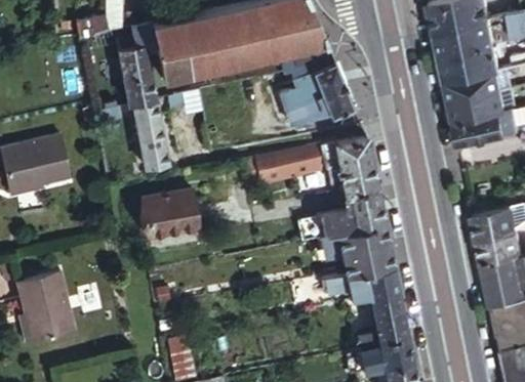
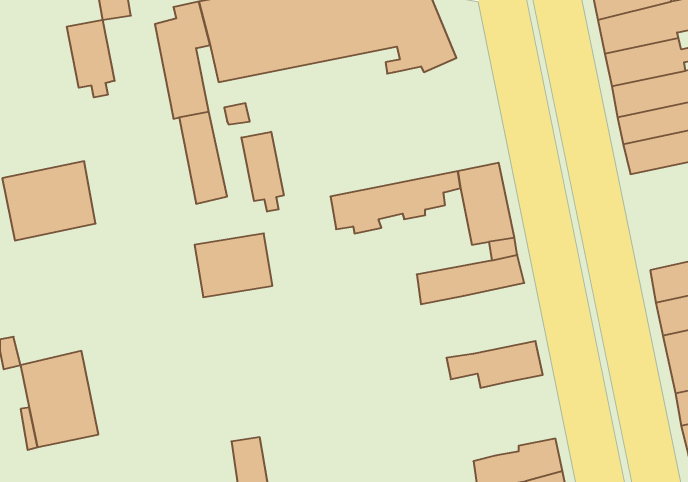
building: none -> [67,20,115,97]
building: [279,60,354,128] -> none
building: none -> [241,132,284,212]
building: [338,223,391,274] -> none
building: [359,290,405,348] -> none

